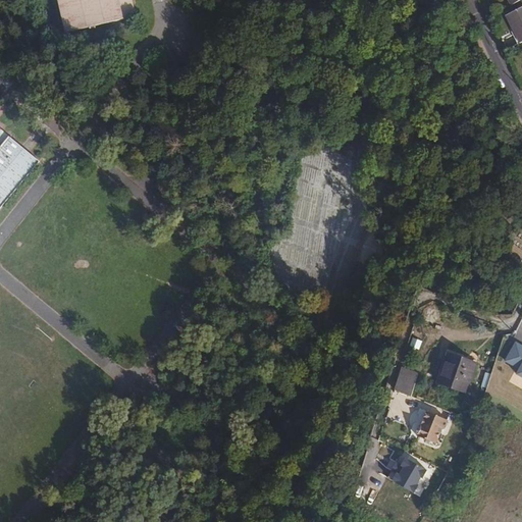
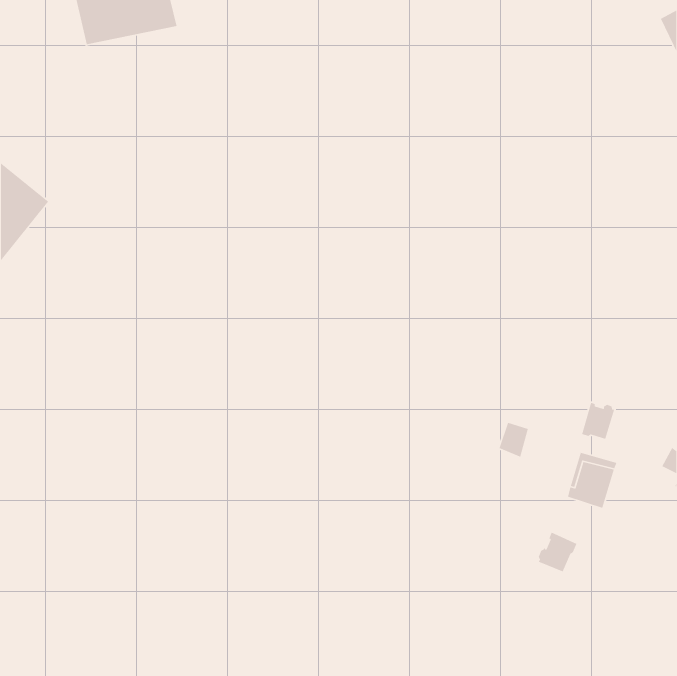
building: none -> [581,402,615,440]
building: [392,365,415,393] -> [498,422,529,458]
building: [393,457,430,493] -> none

